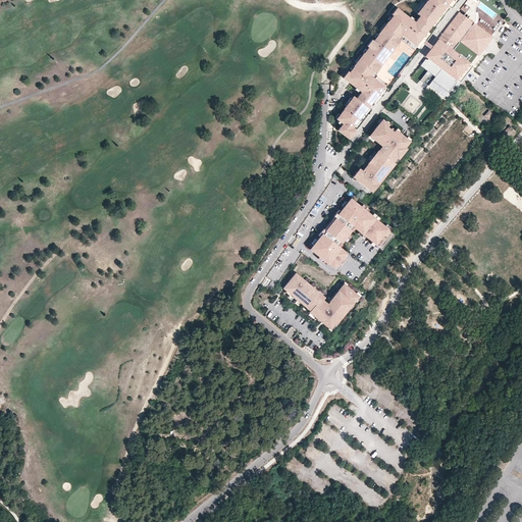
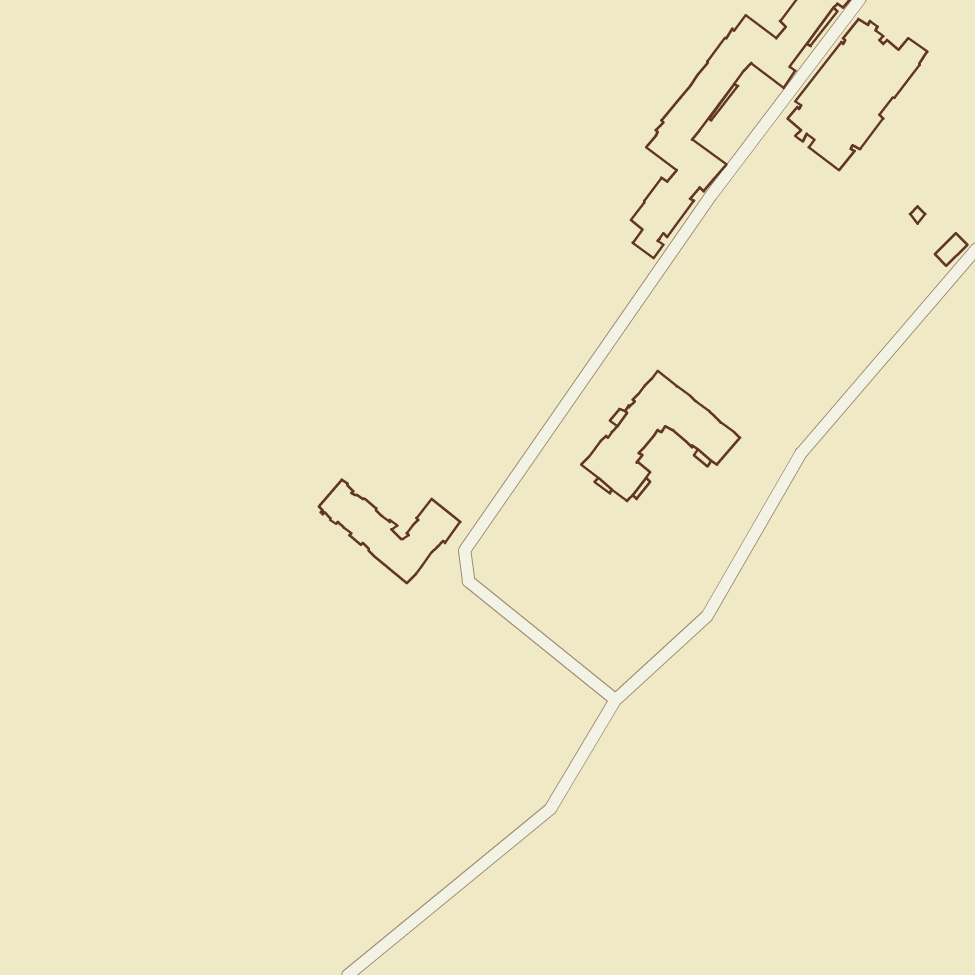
building: [354,118,411,191] -> none
building: [284,272,360,327] -> [319,480,460,583]

